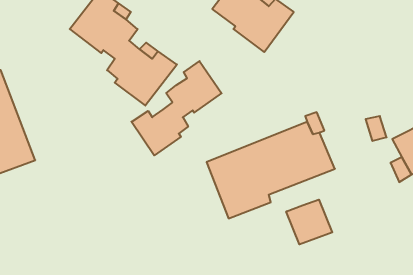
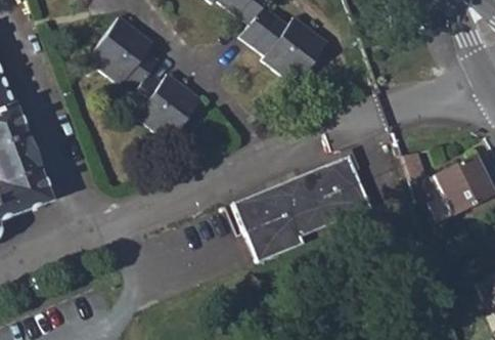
building: [131,61,222,155] -> none
building: [286,200,332,244] -> none

